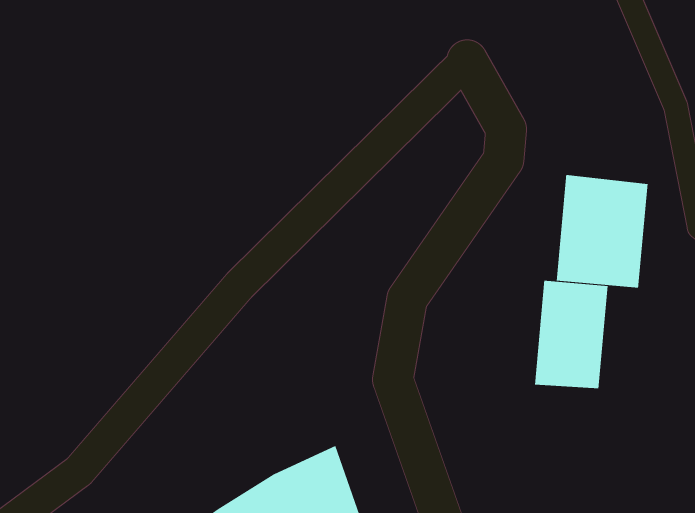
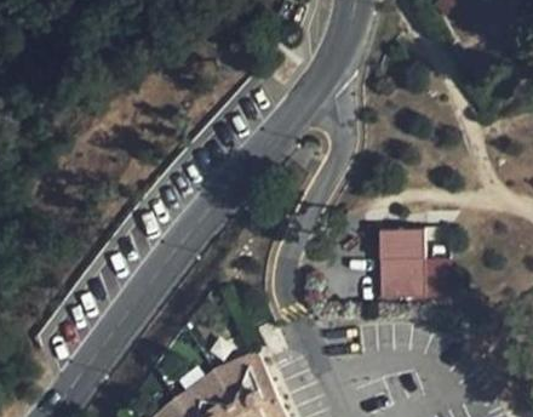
building: [556,174,648,288] -> none

